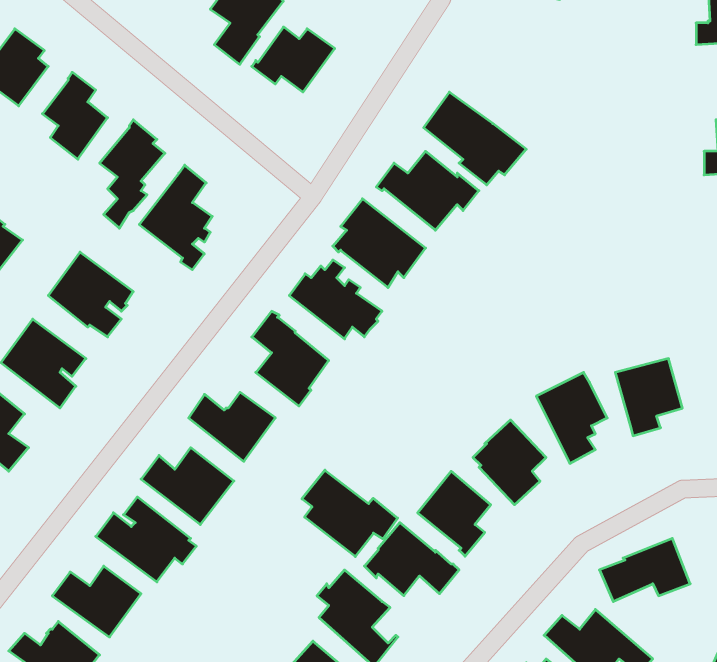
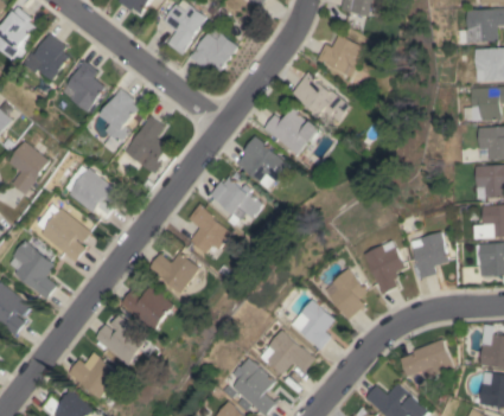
building: none -> [318,33,368,76]
building: [302,470,398,557] -> none

